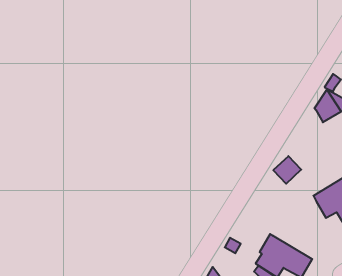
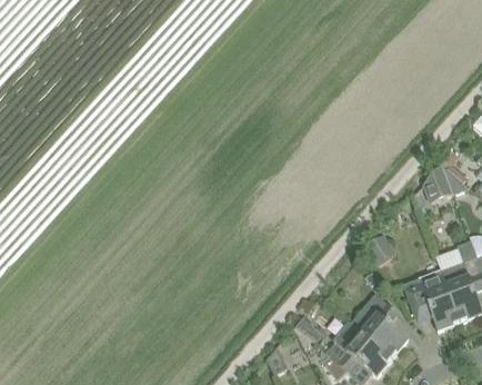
building: none -> [351,293,408,357]

